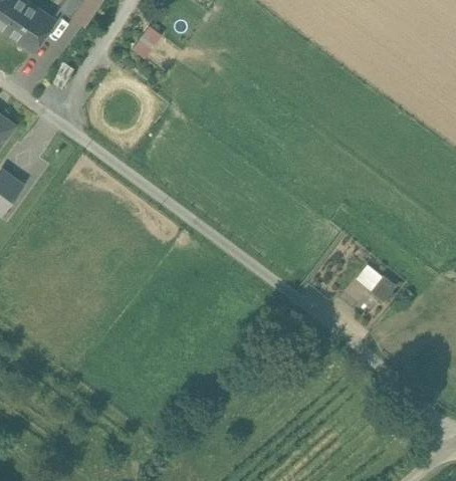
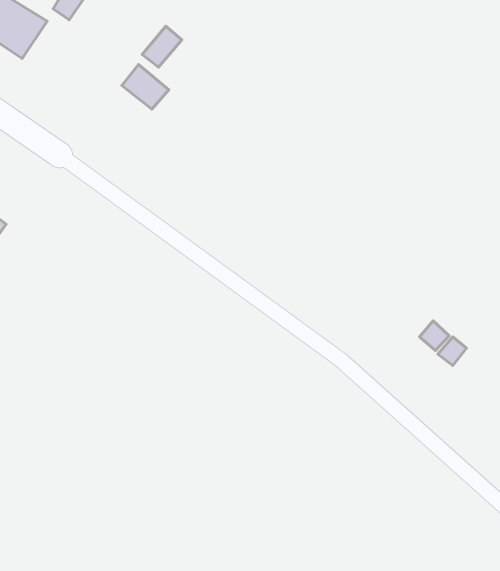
building: none -> [122,65,169,109]

